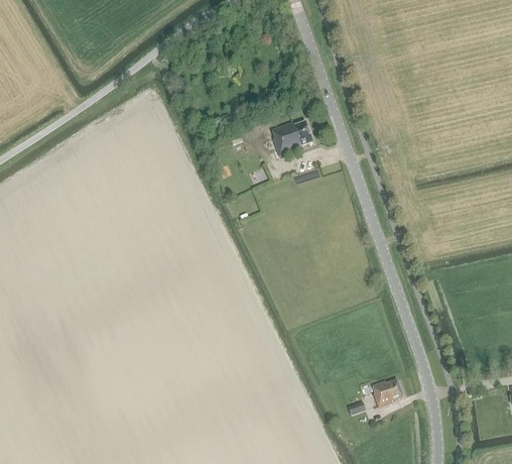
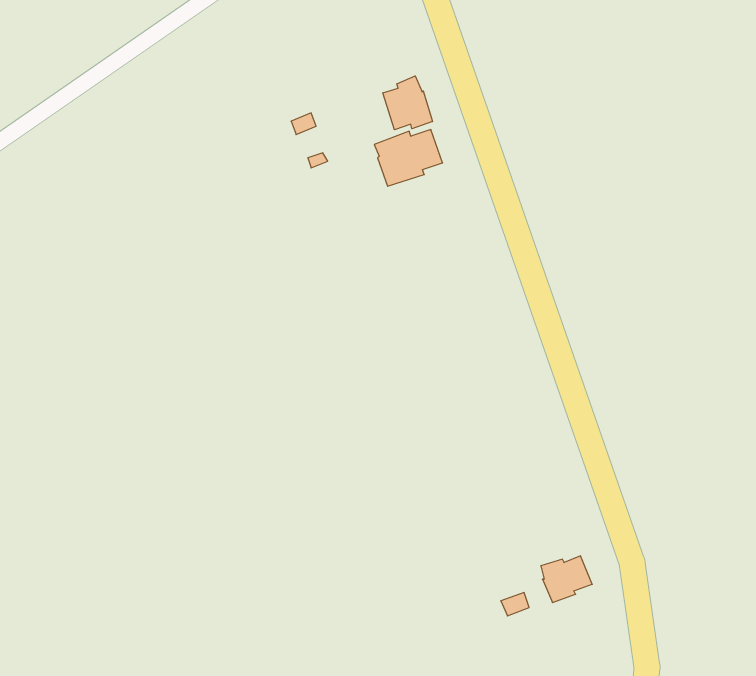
building: none -> [383,76,432,130]

